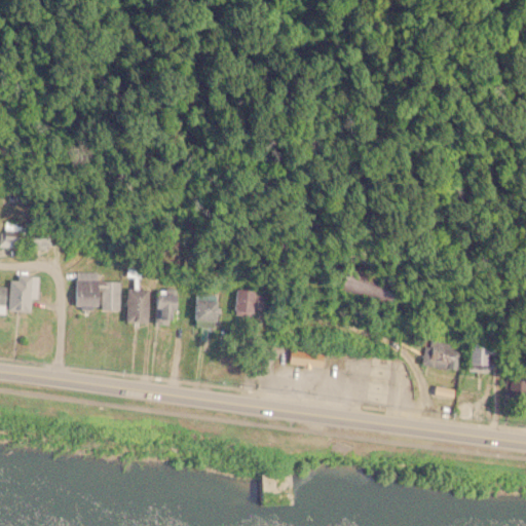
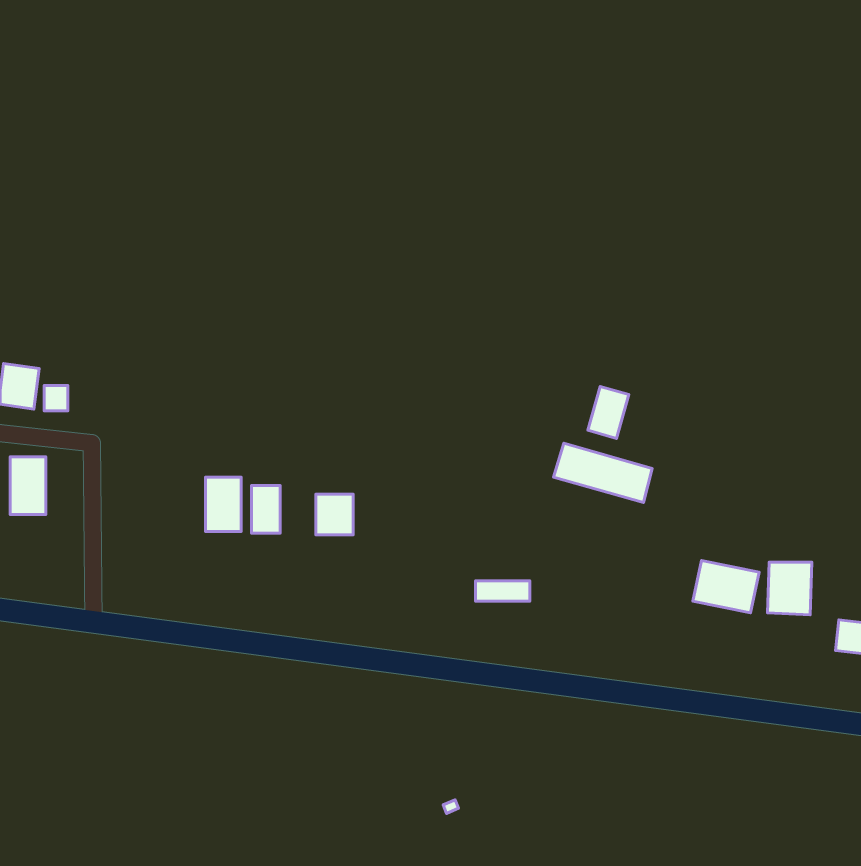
building: none -> [588,387,629,438]
building: [78,272,122,310] -> none
building: [234,289,258,318] -> none

